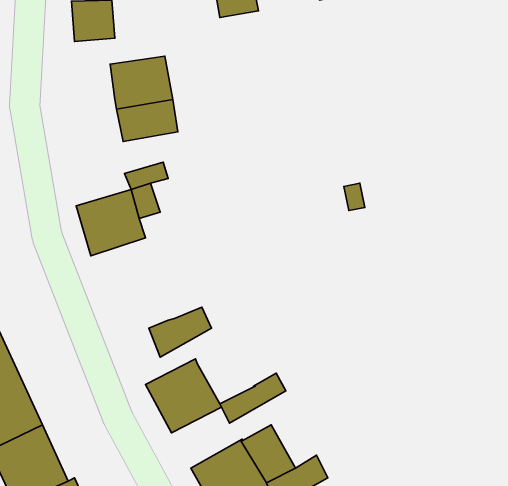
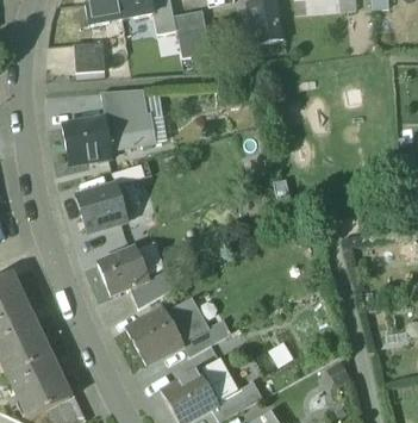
building: none -> [63,117,112,162]
building: none -> [99,249,149,294]
building: none -> [166,299,208,342]

